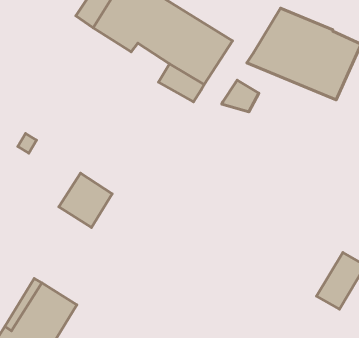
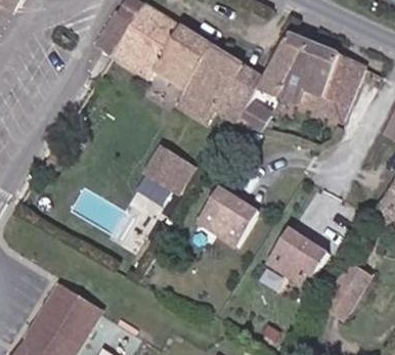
building: none -> [215,64,264,122]
building: none -> [195,188,257,248]
building: [59,173,112,228] -> [142,146,192,197]
building: none -> [266,228,326,289]

